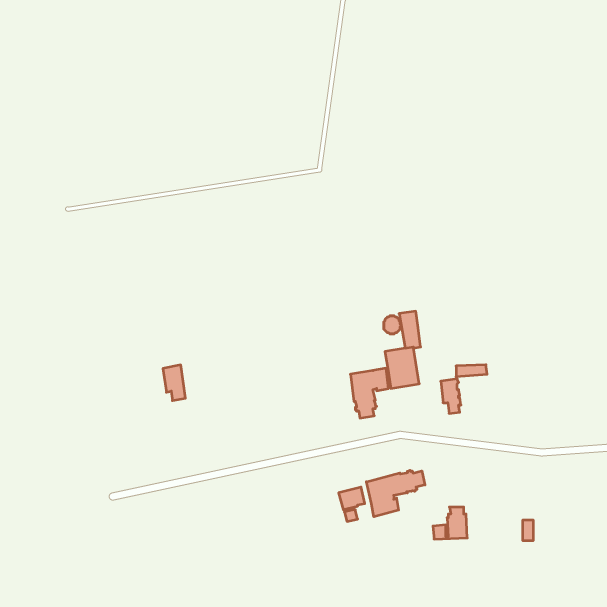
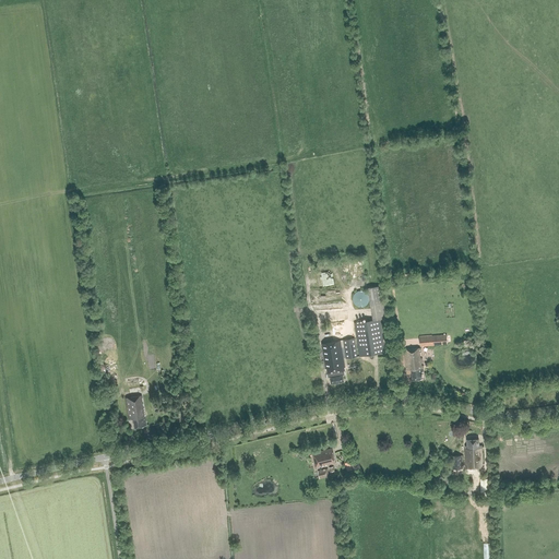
building: [163,365,185,401] -> [126,395,146,428]
building: [366,470,425,517] -> none
building: [433,507,467,539] -> [451,439,483,468]

